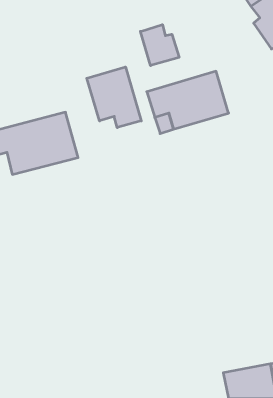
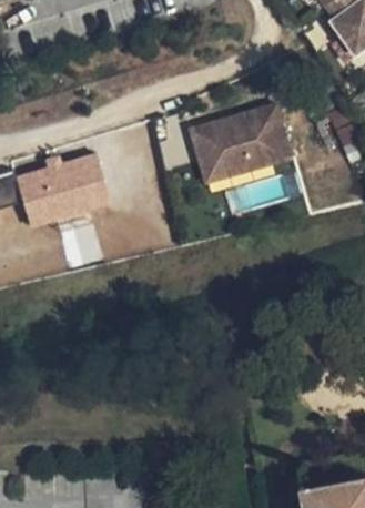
building: [140,25,179,66] -> none
building: [87,67,141,128] -> none

